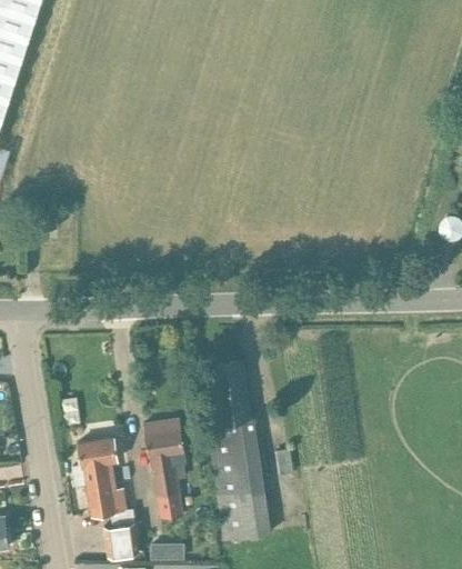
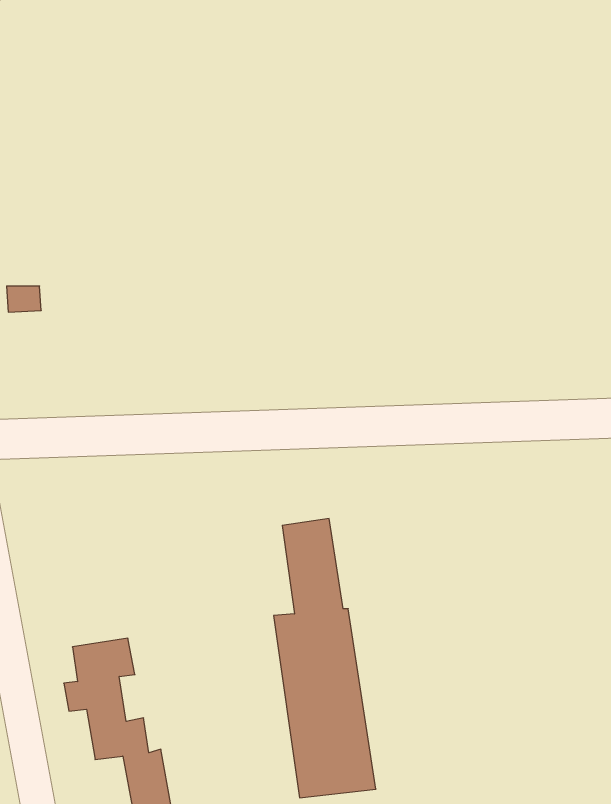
building: [143,419,185,518] -> none

